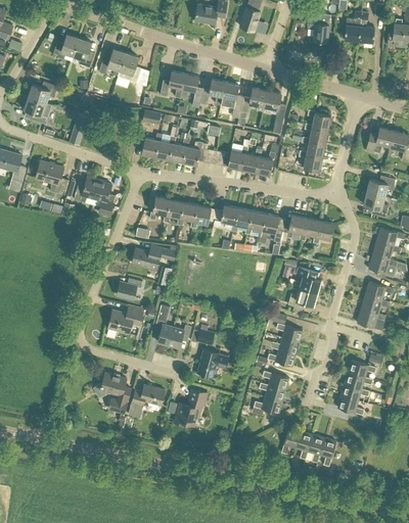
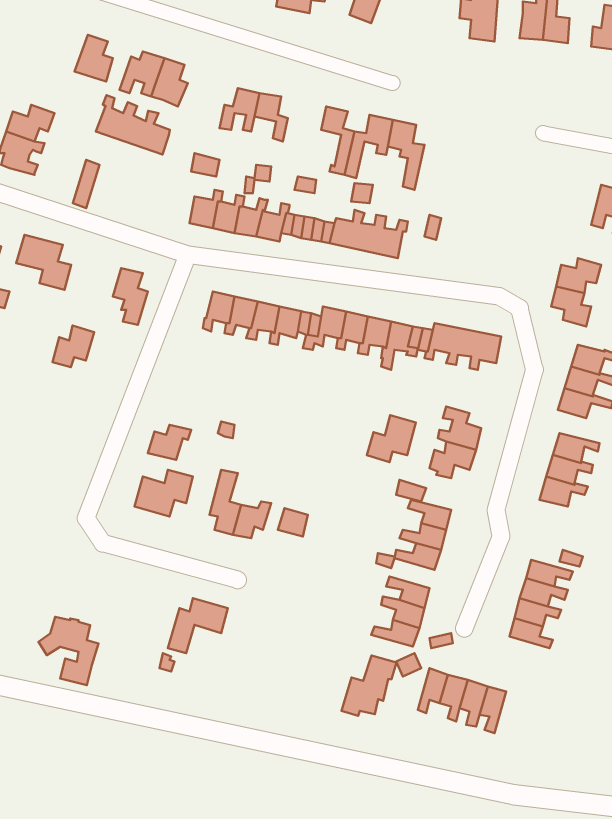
building: [54,34,80,60] -> none
building: none -> [96,95,170,155]
building: [199,79,226,104] -> none
building: [300,109,331,171] -> none
building: [366,127,395,152] -> none
building: [75,177,100,202] -> [52,326,94,367]
building: [132,245,177,269] -> none
building: none -> [367,415,416,462]
building: [197,348,228,376] -> none
building: [95,372,132,414] -> [39,617,99,685]
building: [175,388,209,425] -> [341,656,396,716]

